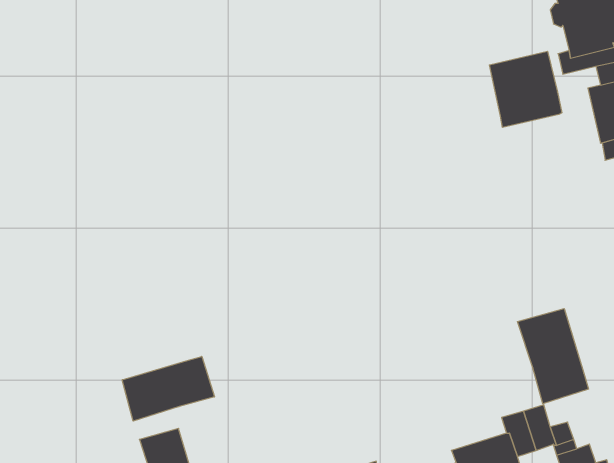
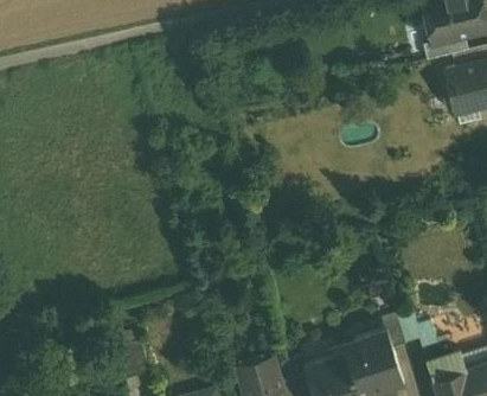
building: [489,51,562,127] -> none
building: [518,309,589,404] -> none
building: [122,356,214,421] -> none

